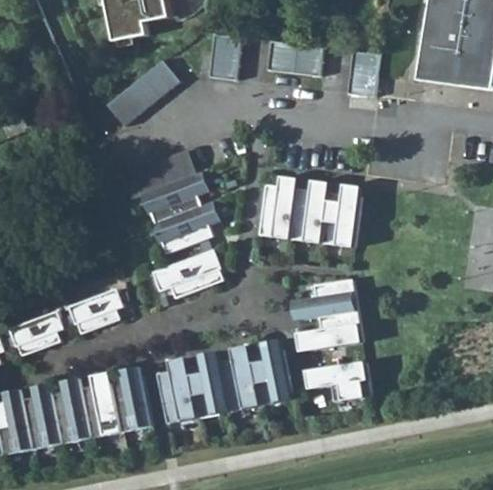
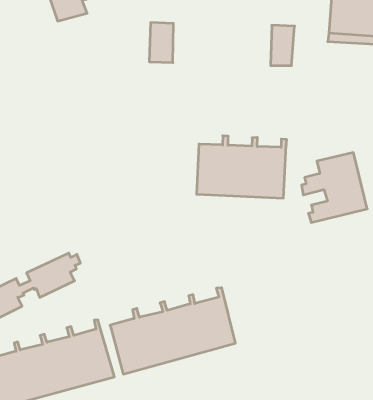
building: [274,45,327,81] -> none
building: [106,64,183,128] -> none
building: [119,150,220,299] -> none
building: [291,277,361,350] -> [302,153,367,222]
building: [304,360,370,400] -> none

